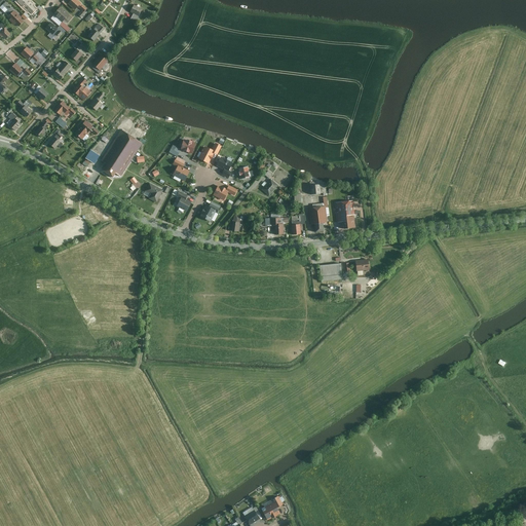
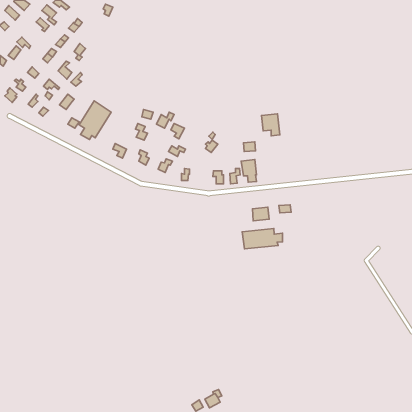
building: [333,200,356,228] -> [261,114,280,136]
building: none -> [242,229,283,249]

